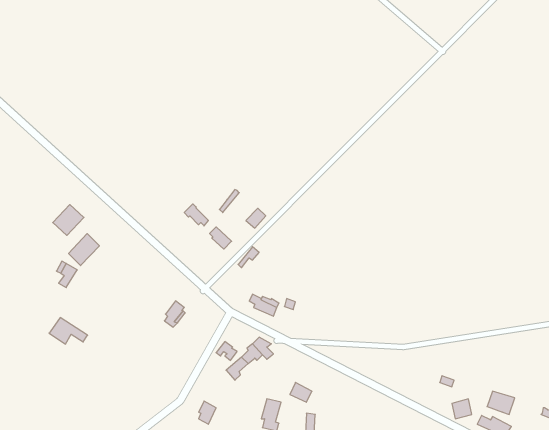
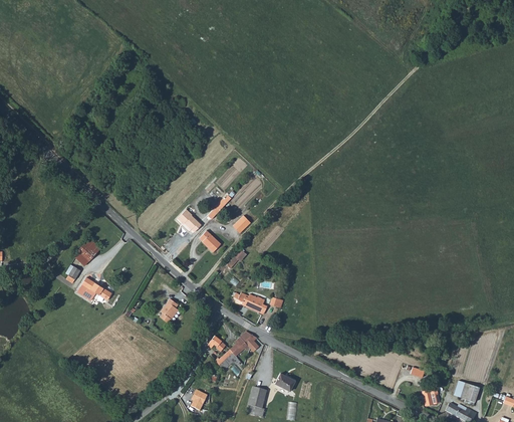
building: [53,205,84,235] -> none
building: [49,318,88,344] -> [76,277,111,301]

